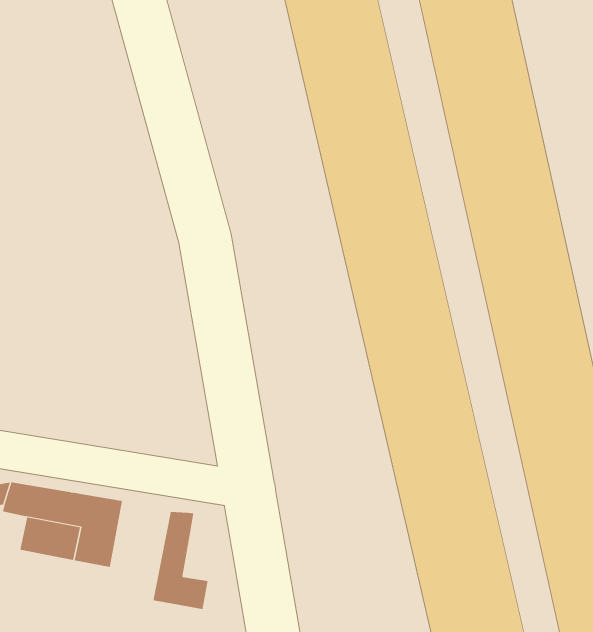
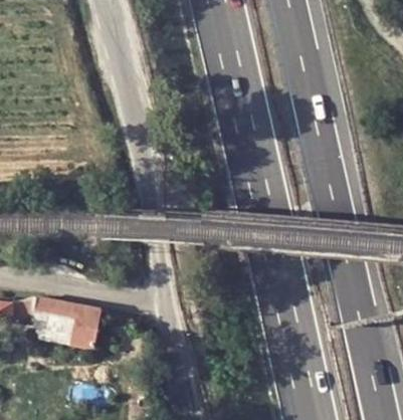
building: [153,511,208,610] -> none

